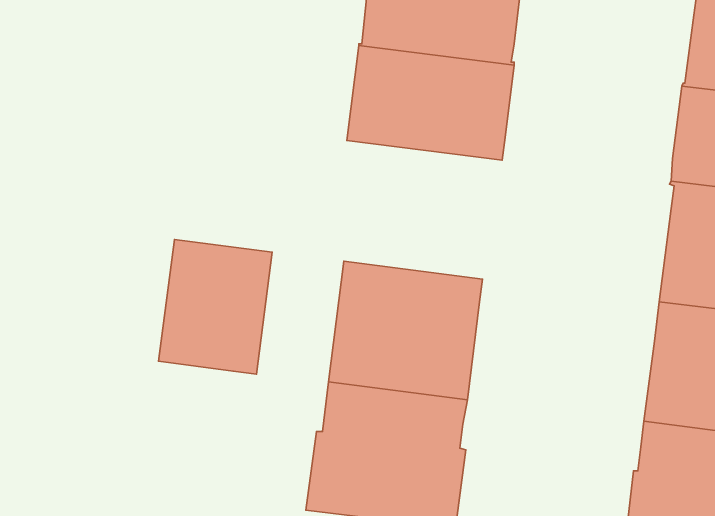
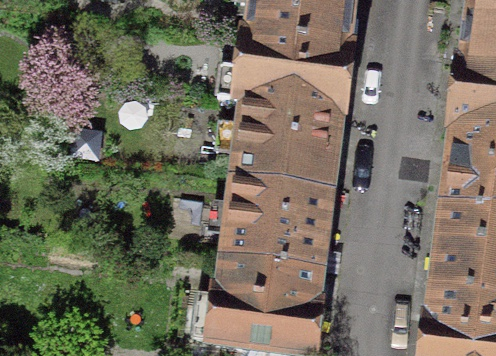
building: none -> [236,94,341,186]
building: [159,240,272,374] -> none

